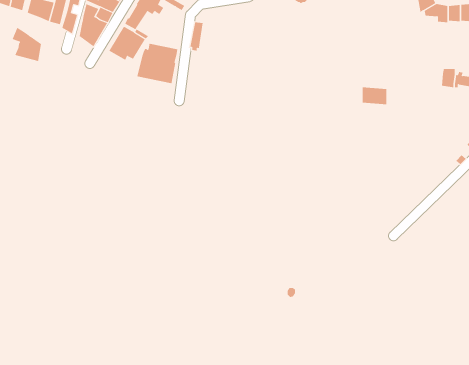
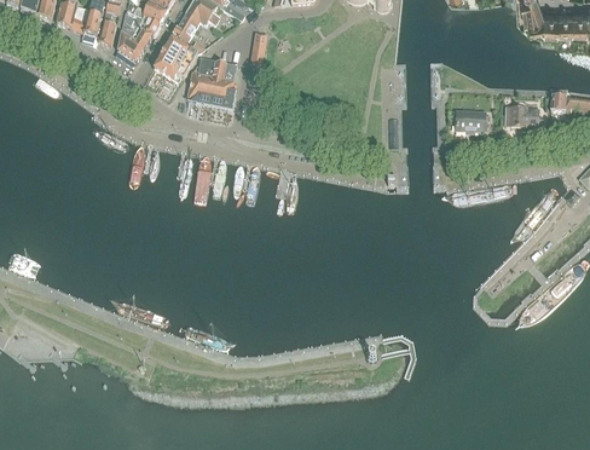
building: [12,27,41,62] -> none
building: none -> [505,108,540,127]

